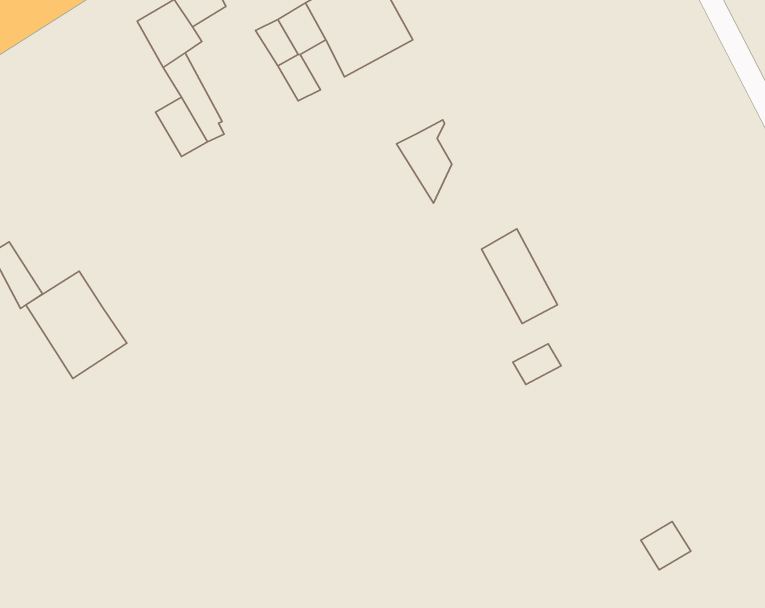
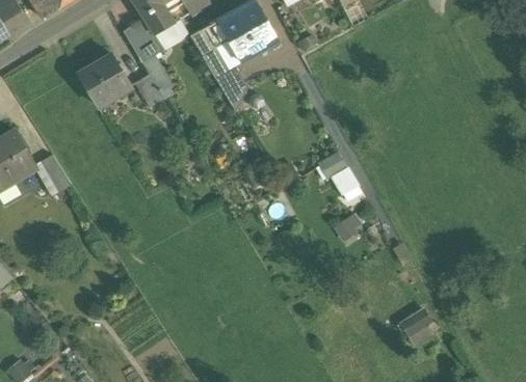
building: none -> [77,54,130,105]
building: [396,120,452,203] -> [213,62,244,109]
building: [26,271,127,379] -> none

